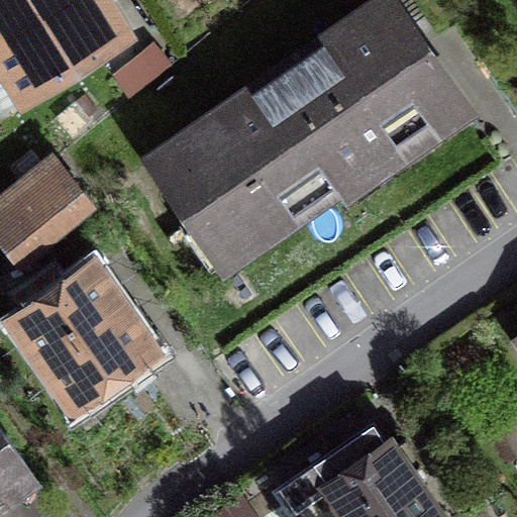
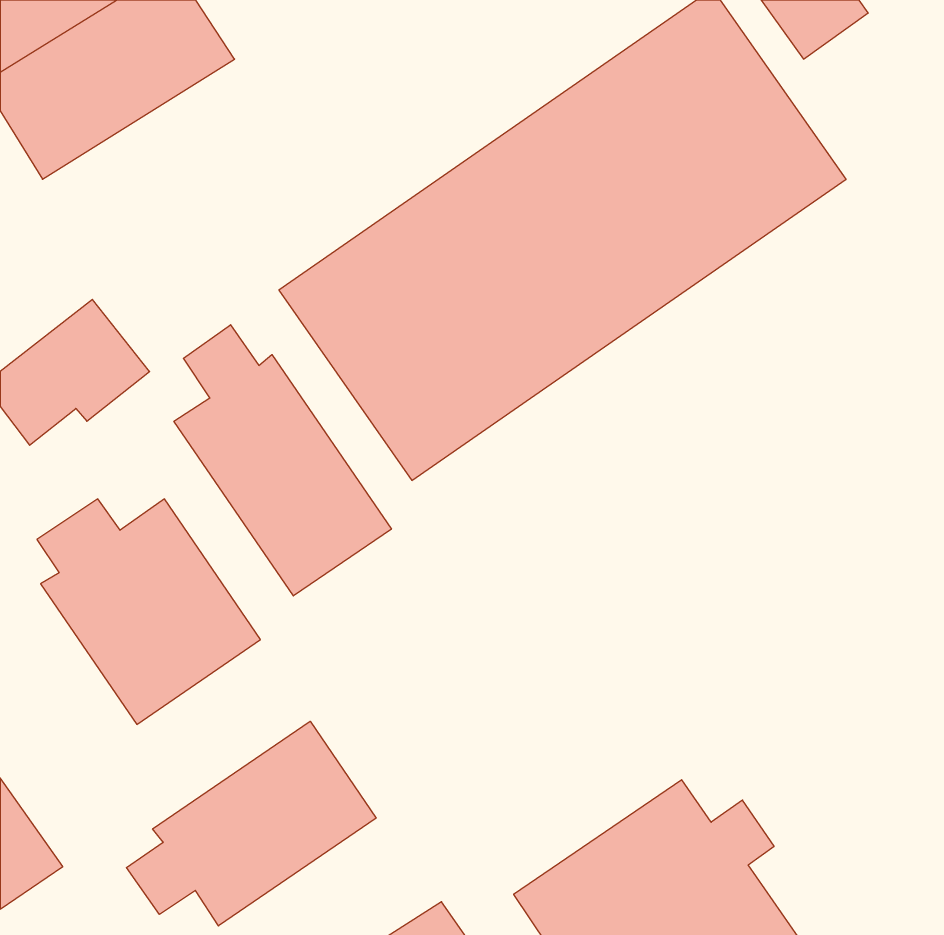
building: none -> [174,325,391,596]
building: none -> [126,721,376,926]

